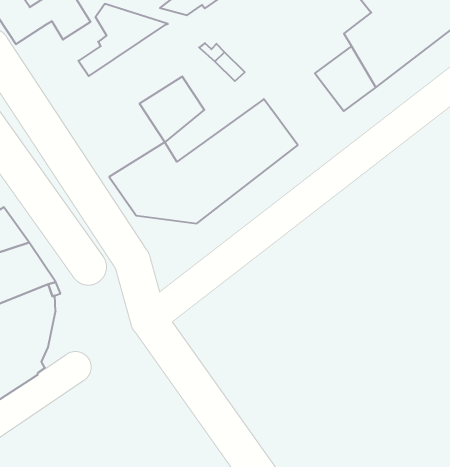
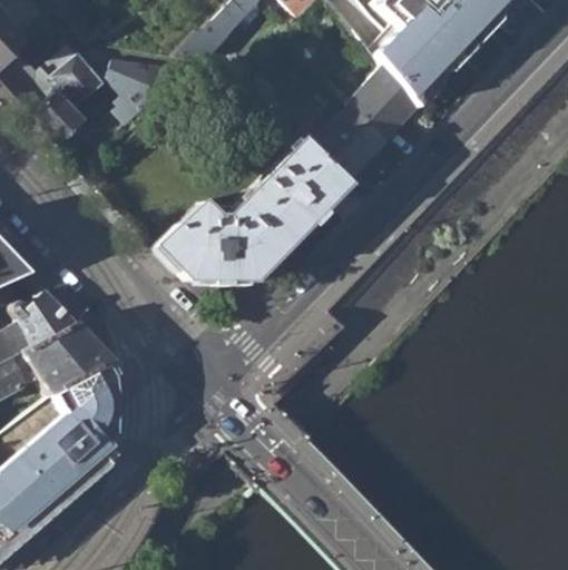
building: none -> [32,90,89,146]
building: none -> [313,99,391,178]
building: [140,76,204,142] -> none

